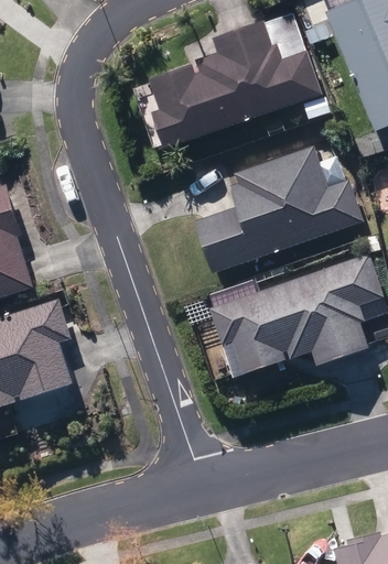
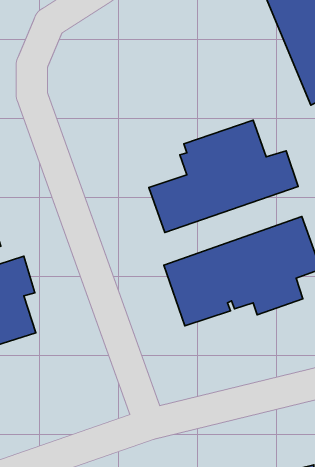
building: [151,22,320,148] -> none

